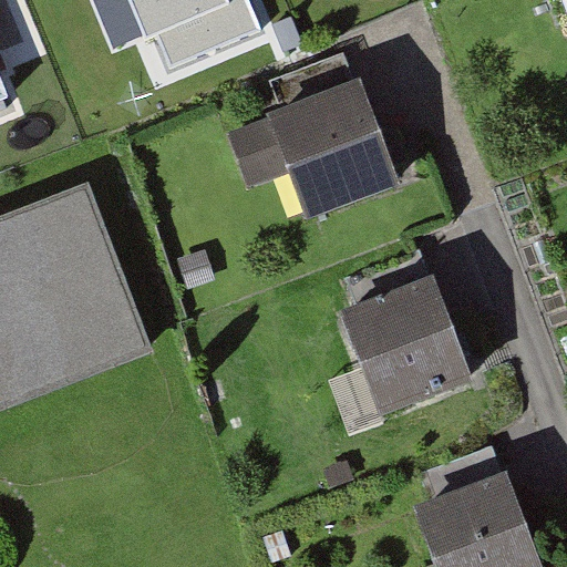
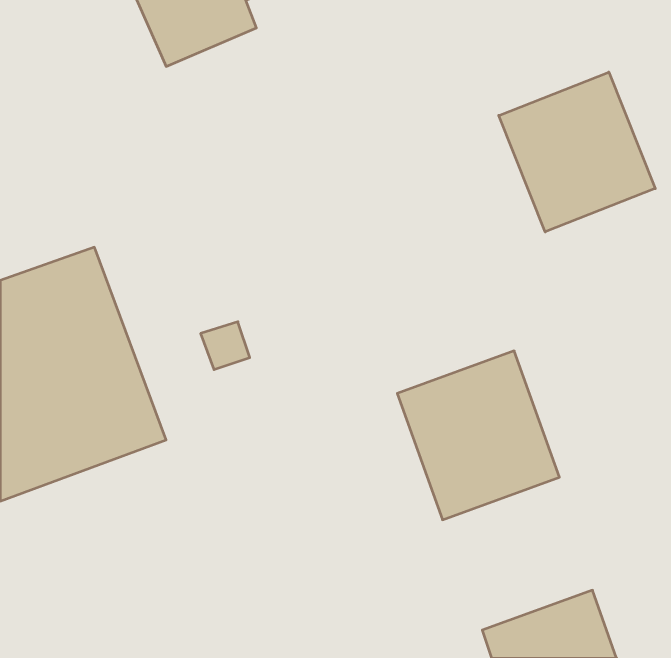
building: none -> [499,72,655,232]
building: [262,103,396,245] -> none

